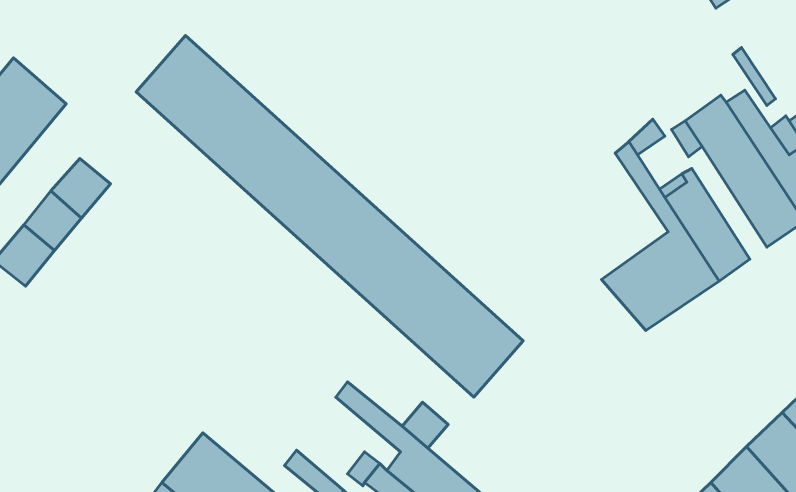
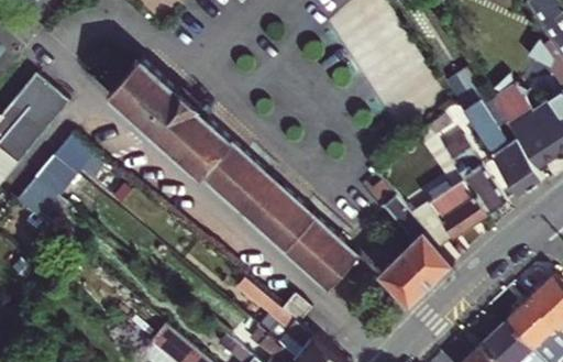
building: none -> [379,197,452,306]

